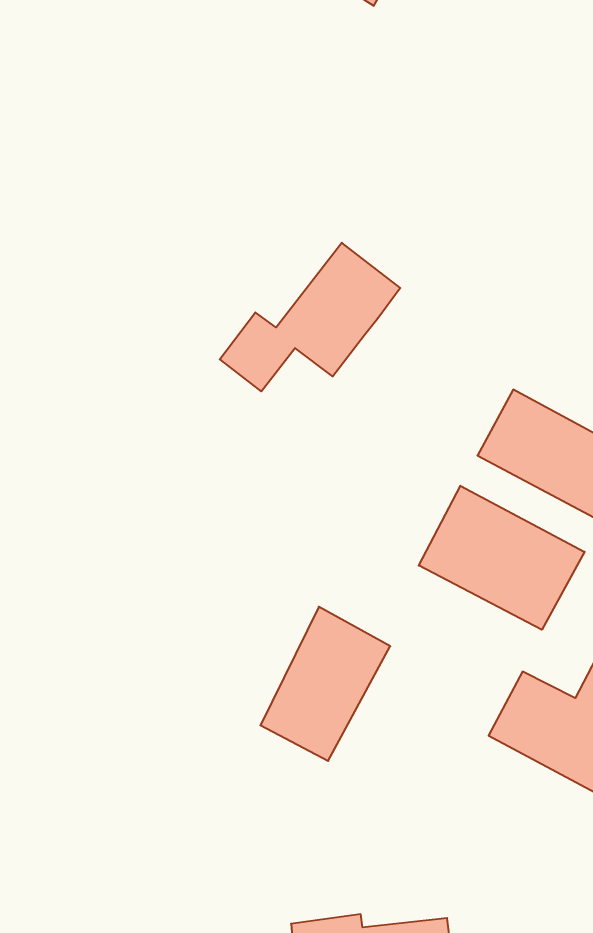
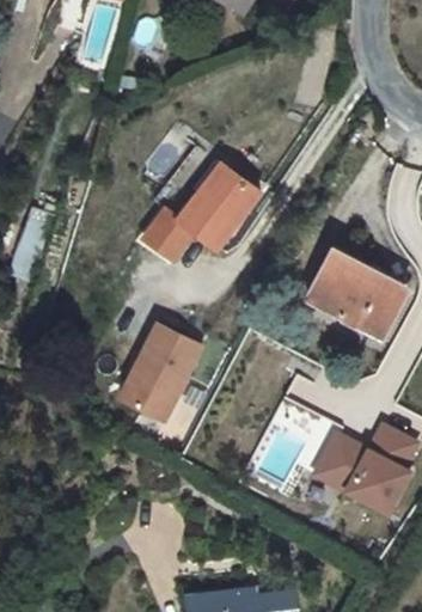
building: [419,486,585,630] -> none
building: [260,607,390,761] -> [118,320,201,418]

